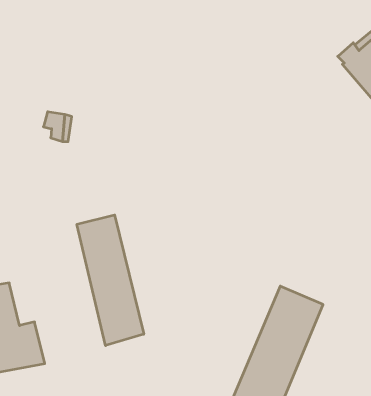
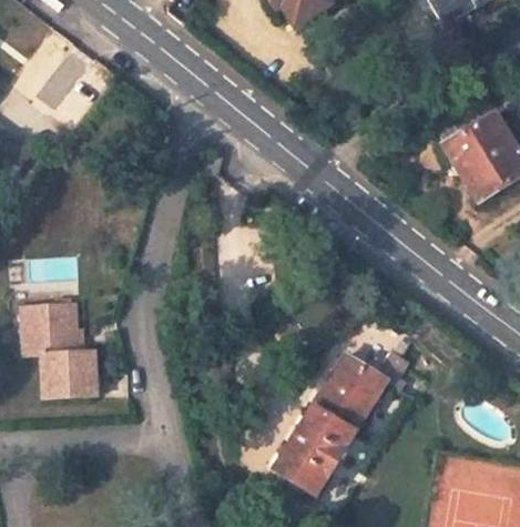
building: [77,215,144,346] -> none

